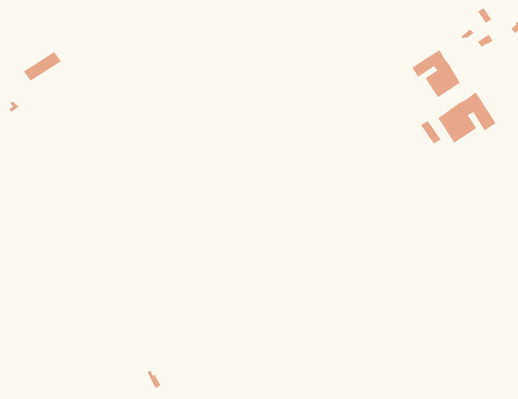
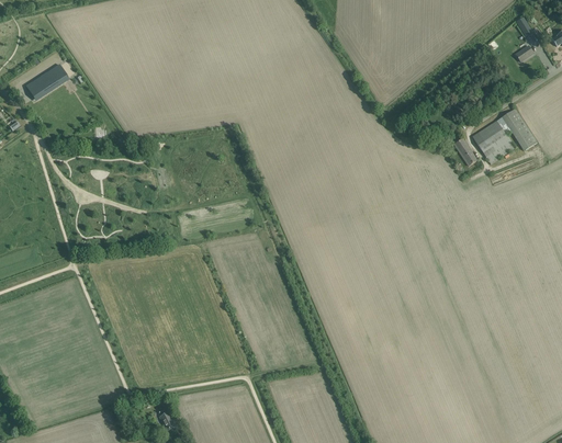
building: [411,49,460,98] -> none

